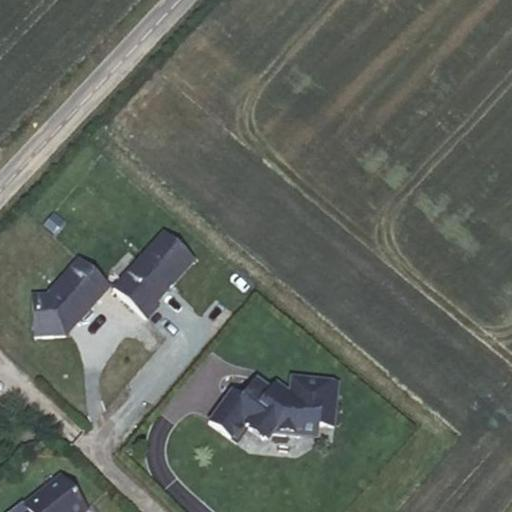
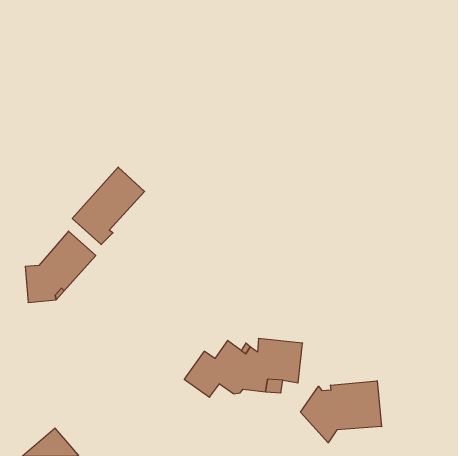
building: [114,230,194,316] -> [72,167,145,245]
building: none -> [301,381,382,443]

